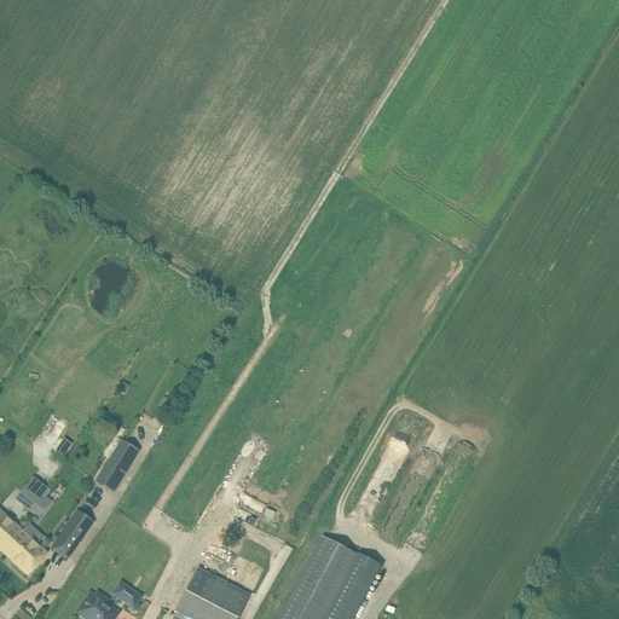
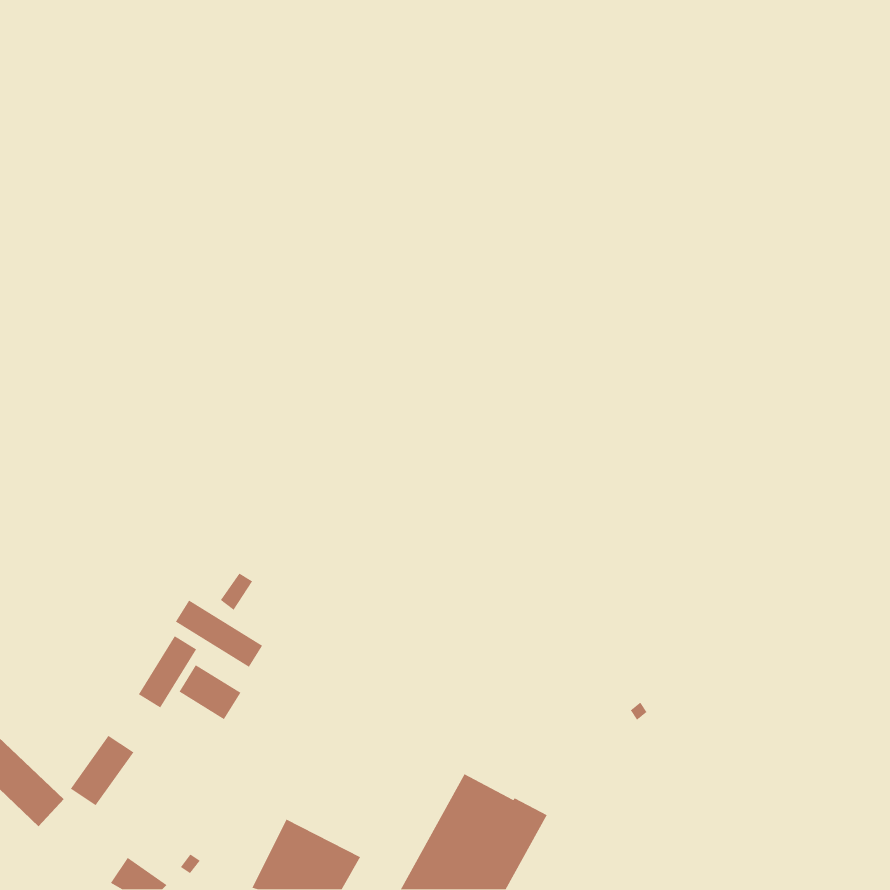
building: none -> [175,599,263,668]
building: none -> [178,664,241,720]
building: [13,484,48,517] -> none

